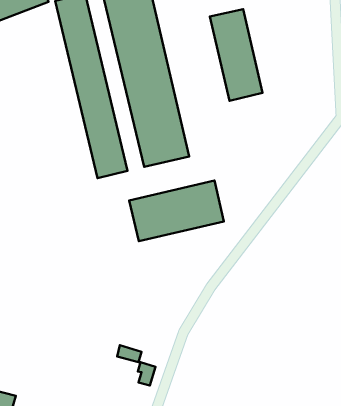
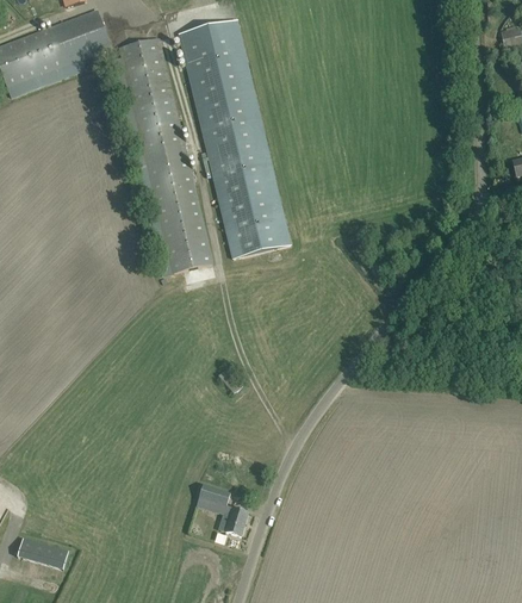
building: [210,9,262,101] -> none
building: [129,181,224,241] -> none

